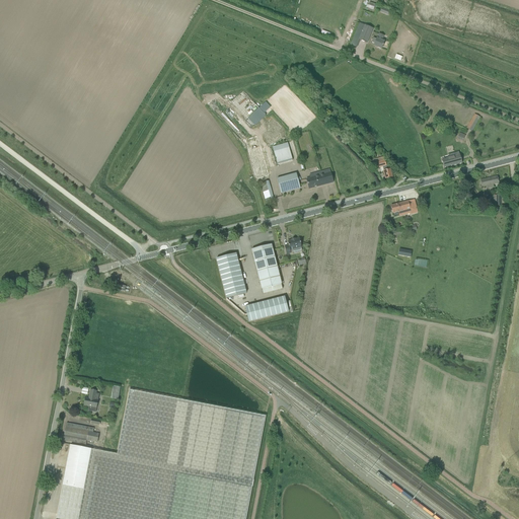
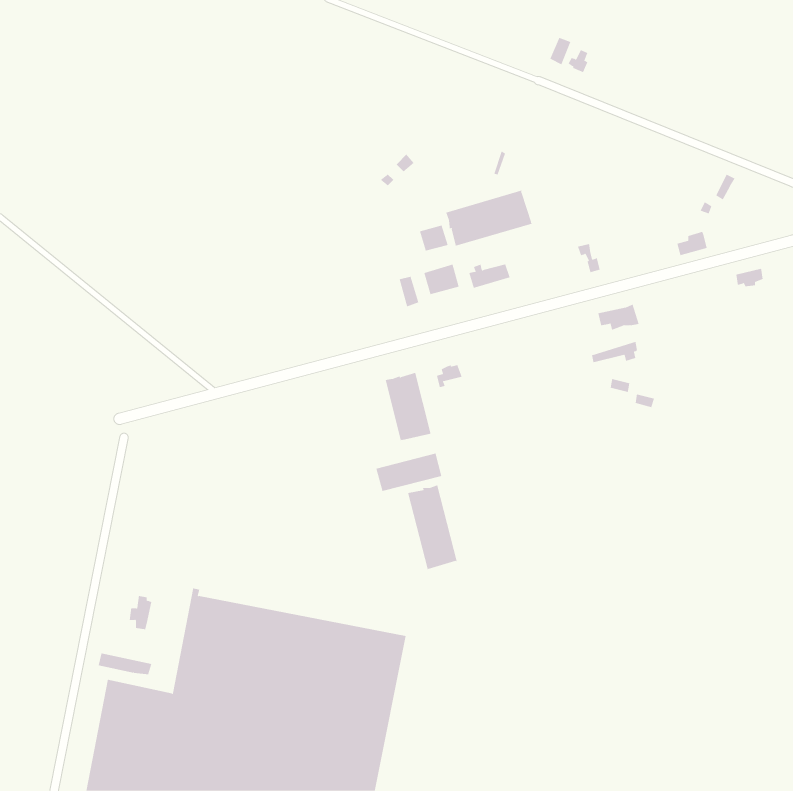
building: none -> [445,190,533,247]
building: [217,252,247,297] -> none
building: none -> [408,485,458,570]

